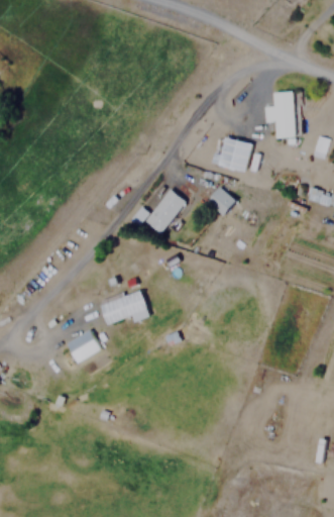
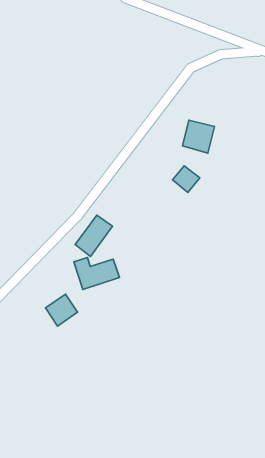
building: [264,91,296,138] -> none
building: [145,189,187,234] -> [75,215,112,256]

